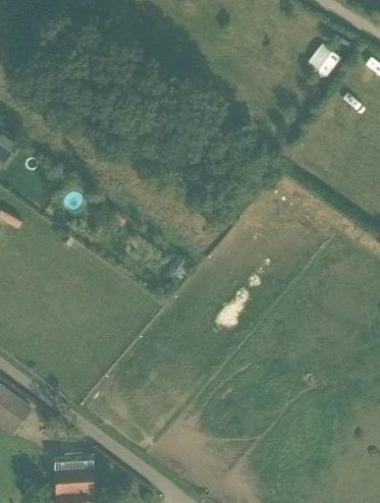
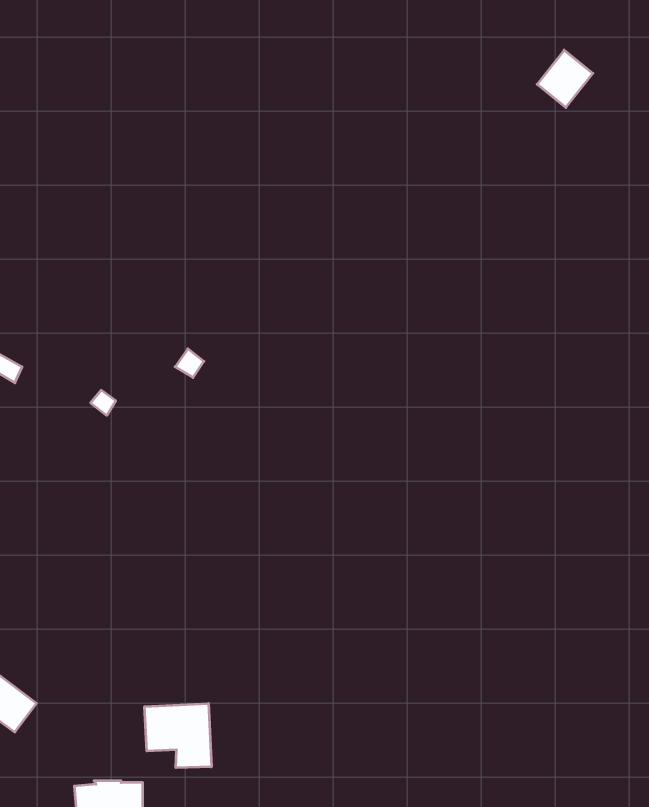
building: none -> [145,703,211,768]

